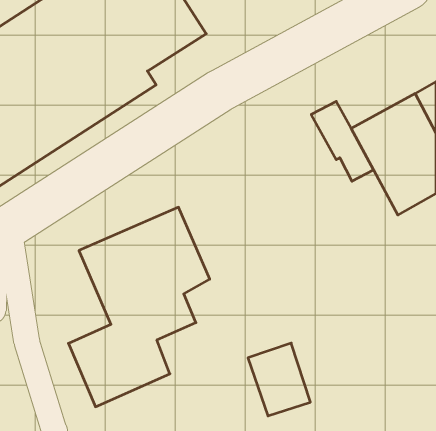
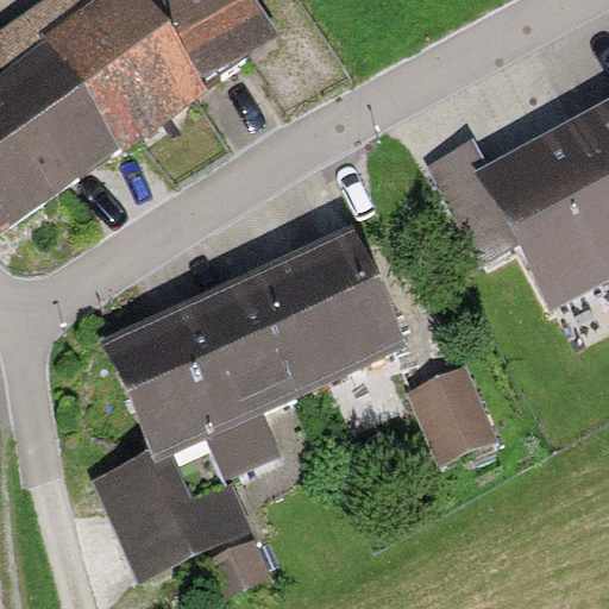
building: none -> [245,238,393,383]
building: [248,343,310,416] -> [408,351,494,451]

